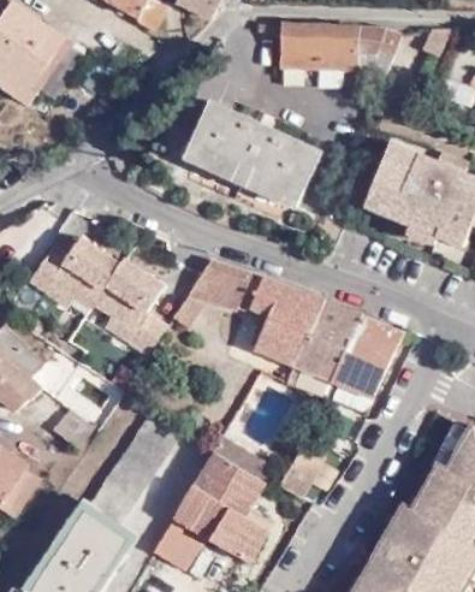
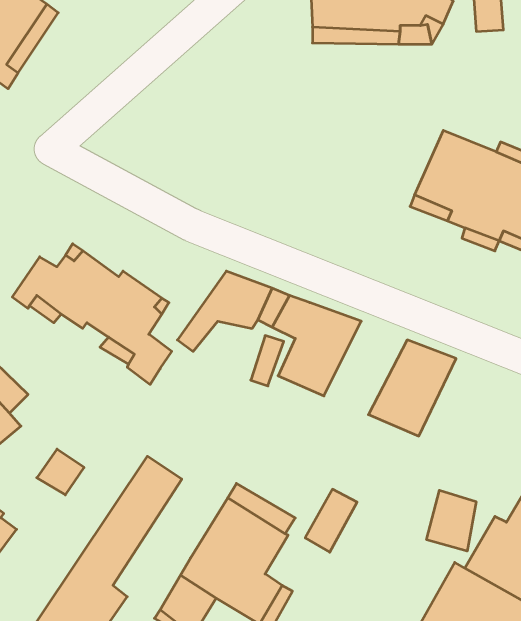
building: [188,106,320,212] -> none
building: [293,302,363,380] -> none
building: none -> [427,490,476,551]

